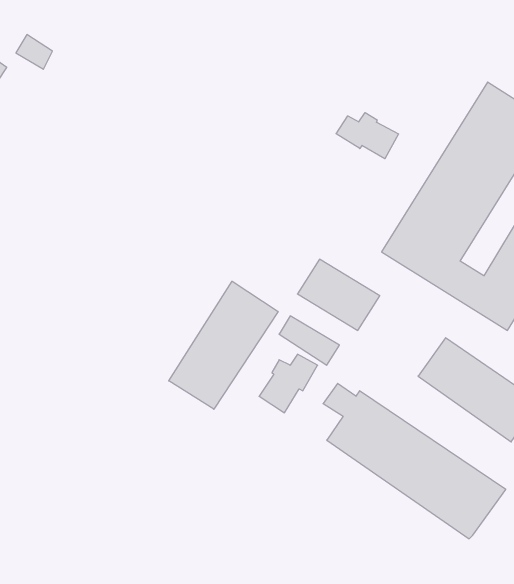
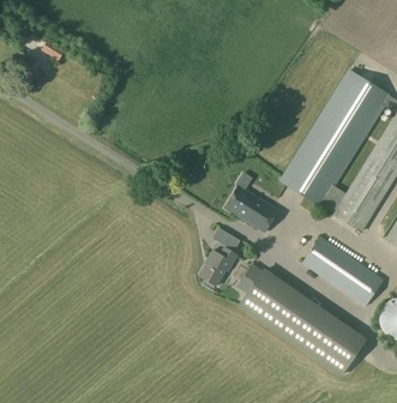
building: [336,113,399,159] -> none
building: [169,281,278,409] -> none

